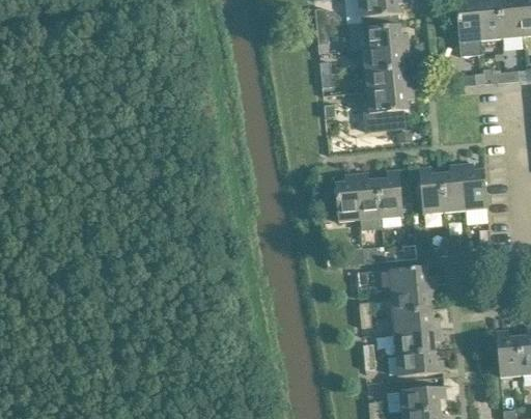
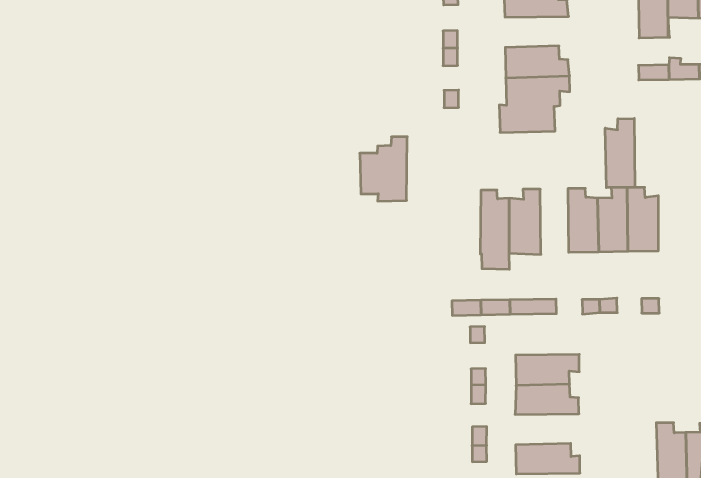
building: [363,46,410,72] -> none
building: none -> [605,118,635,188]
building: [323,175,359,223] -> [360,137,407,201]
building: [388,267,436,291] -> none
building: [393,330,440,356] -> none

